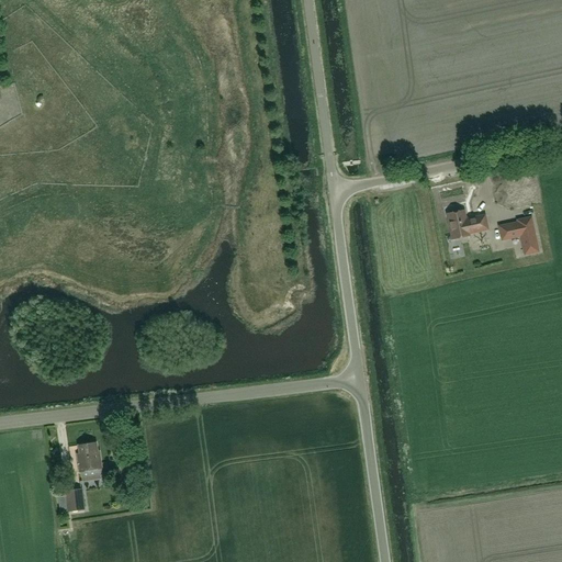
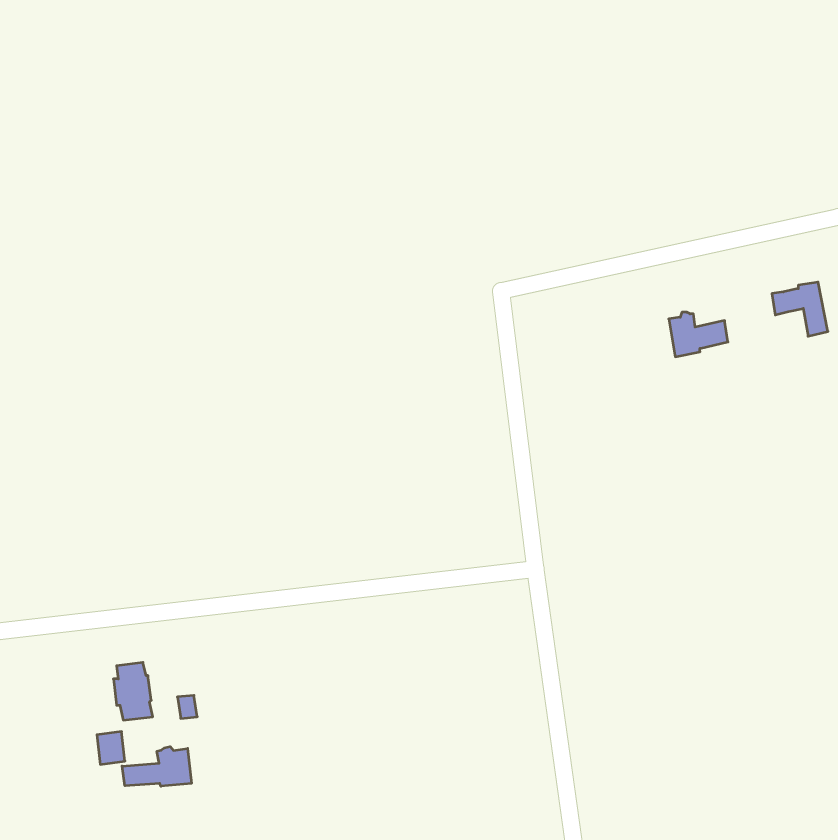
building: [499,218,537,255] -> [772,282,828,336]
building: none -> [122,747,191,786]

